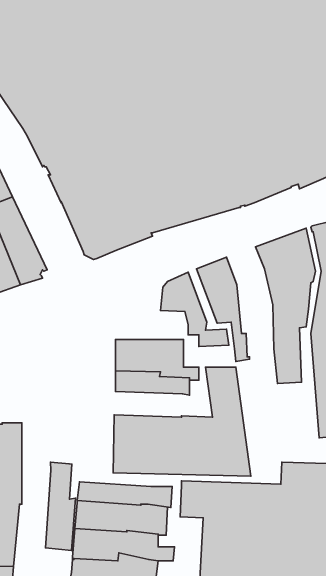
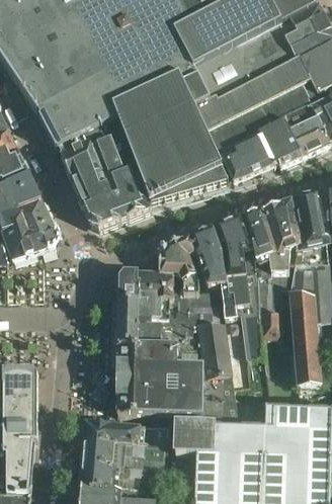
building: none -> [216,216,262,355]
building: none -> [118,269,212,321]
building: none -> [117,342,177,364]
building: [46,462,76,550] -> none

